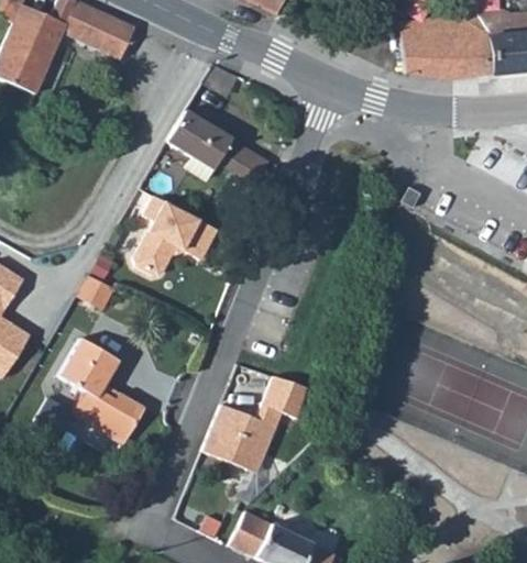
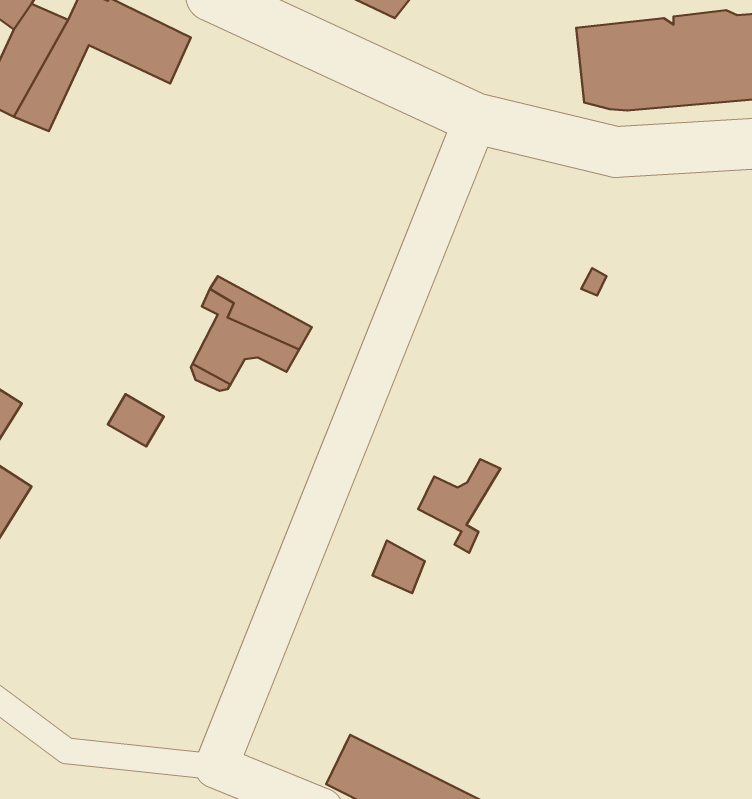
building: [167,110,271,185] -> none
building: none -> [418,459,500,553]
building: [59,338,145,443] -> none
building: [204,404,274,472] -> none

